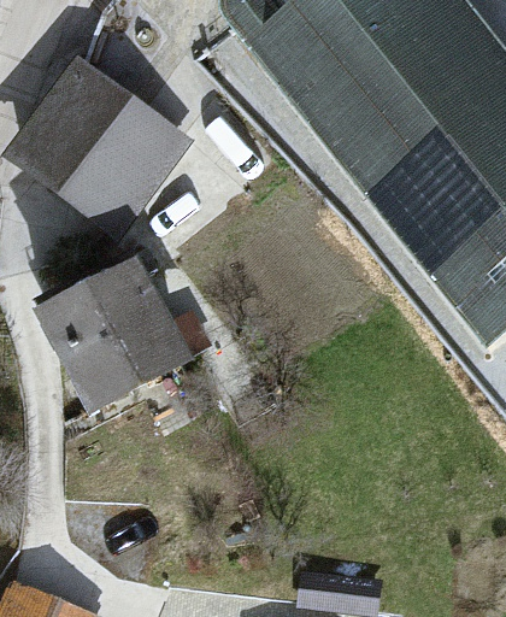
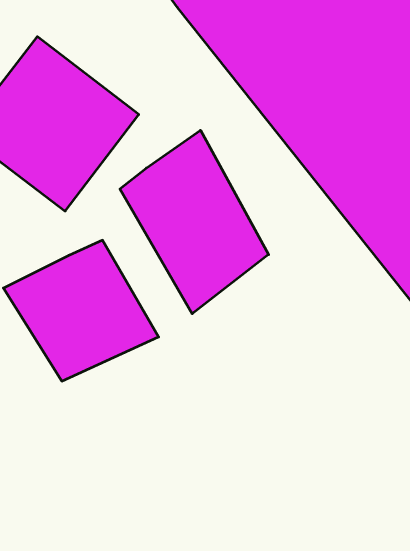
building: none -> [120,130,269,314]

